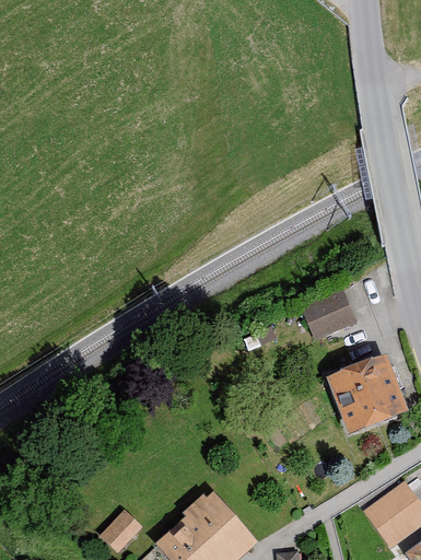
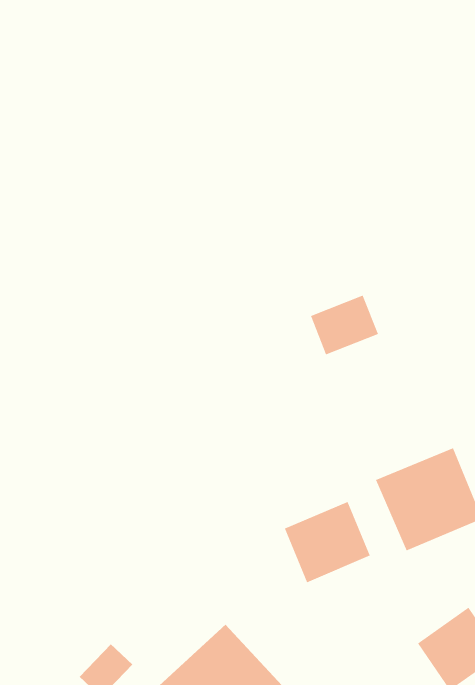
building: [301,290,354,337] -> [310,295,379,355]
building: none -> [284,501,370,583]

